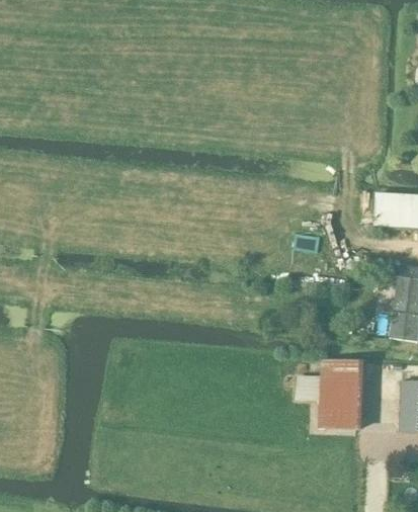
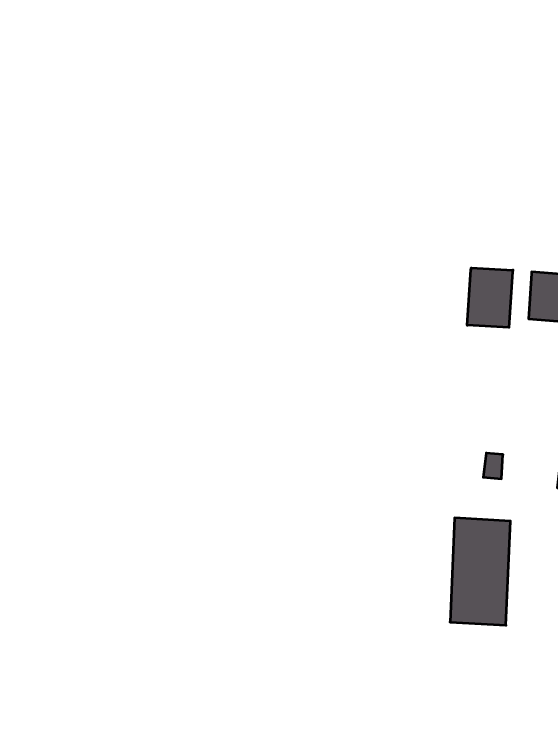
building: none -> [467,268,513,327]

